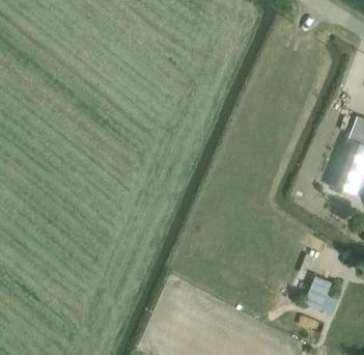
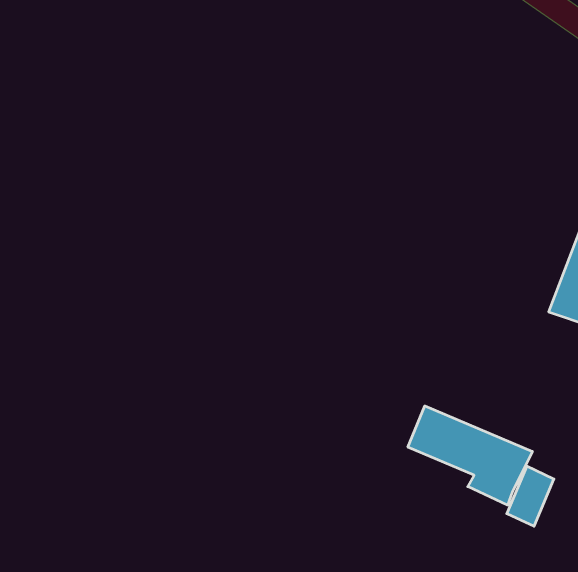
building: none -> [408,406,532,505]

